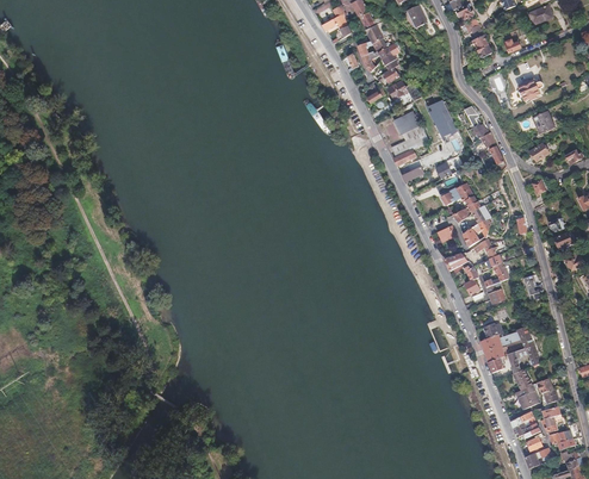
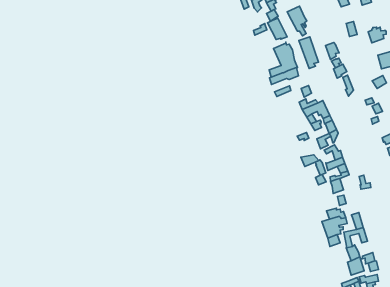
building: none -> [287,6,307,36]

